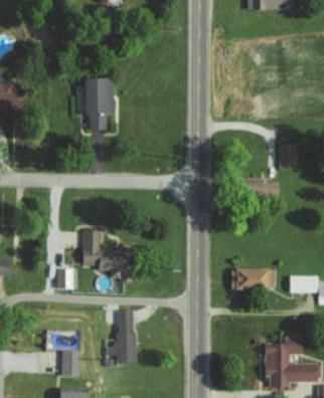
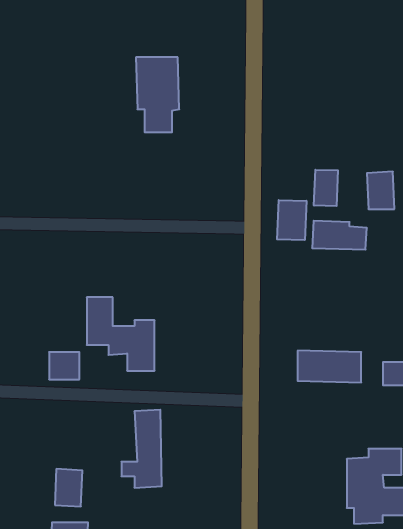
building: [83,78,113,131] -> [136,57,179,132]
building: none -> [314,170,338,206]
building: none -> [277,200,306,240]

